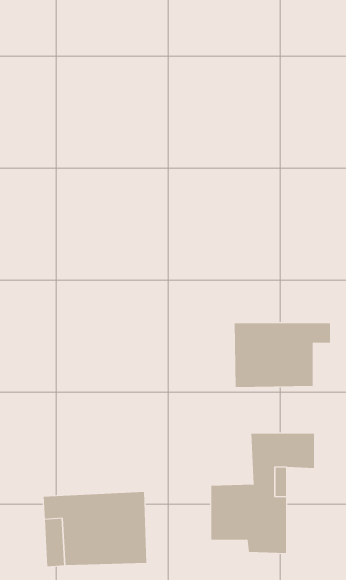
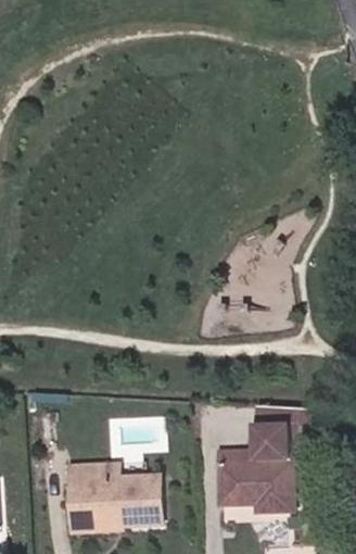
building: [234,323,330,388] -> none

